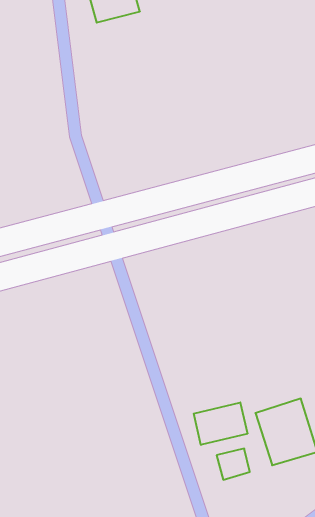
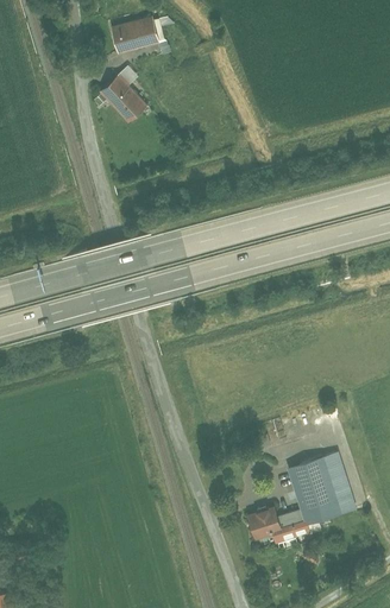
building: none -> [99,64,147,125]
building: [194,402,247,445] -> none

